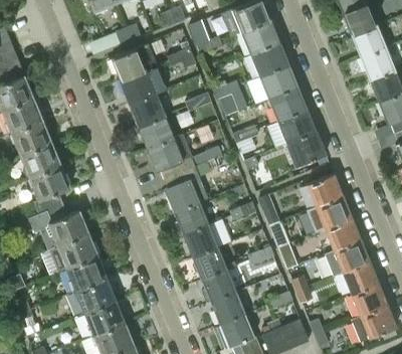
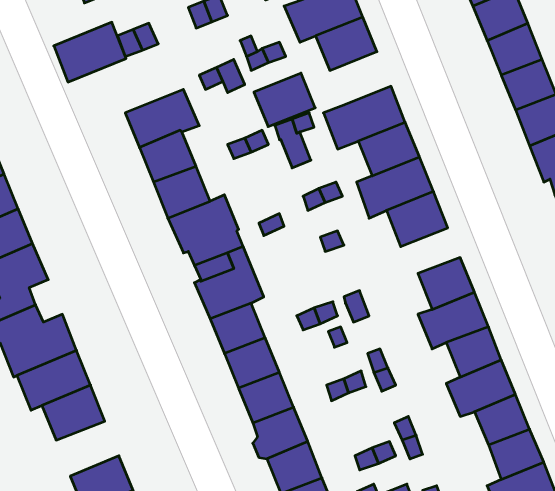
building: [250,42,289,76] -> [254,73,315,127]
building: [111,43,157,81] -> [54,22,126,82]
building: [75,279,116,314] -> none

